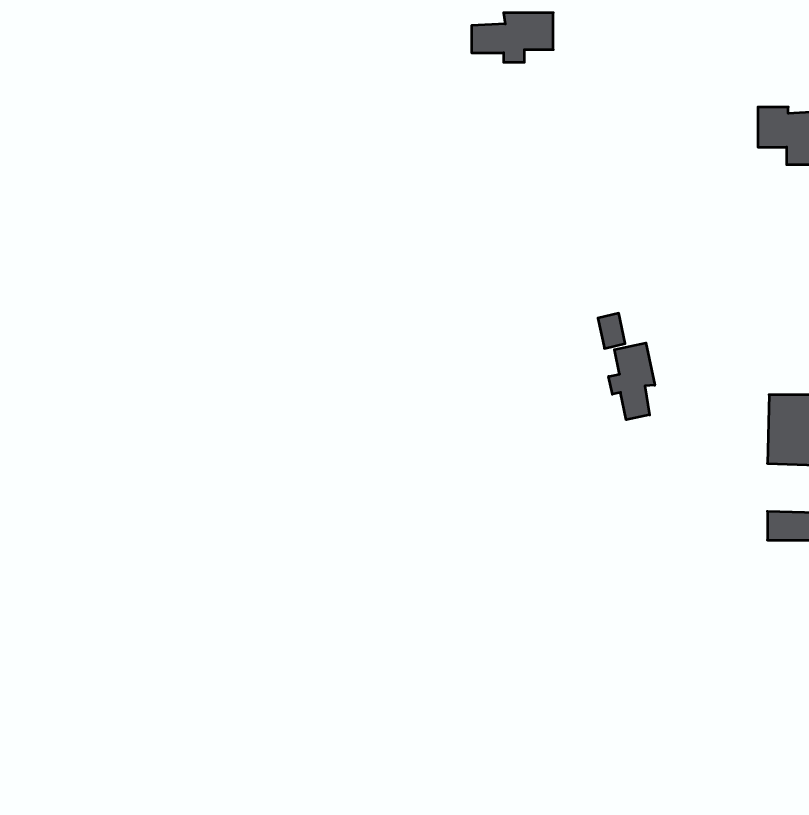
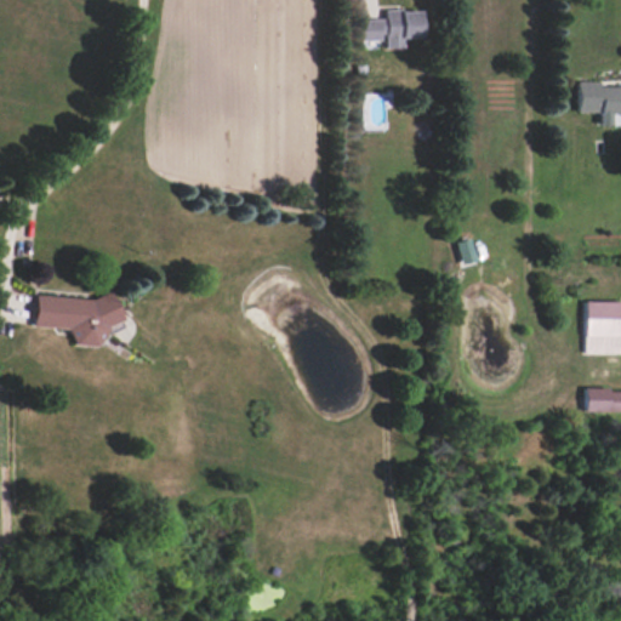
building: [609,343,655,420] -> none
building: none -> [36,295,120,348]

